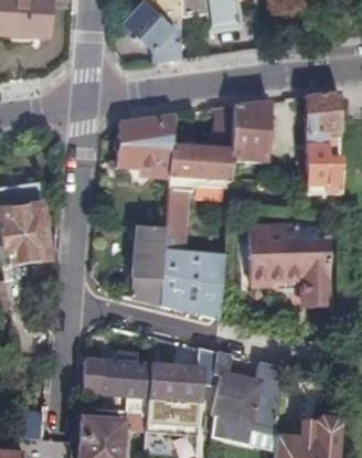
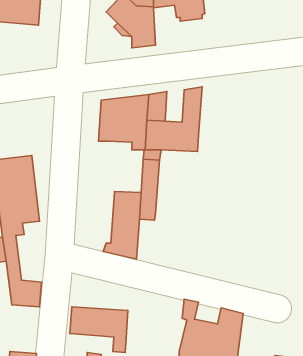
building: [306,92,342,193] -> none
building: [233,100,272,170] -> none
building: [248,226,330,301] -> none
building: [161,252,223,319] -> none
building: [149,364,202,400] -> none

